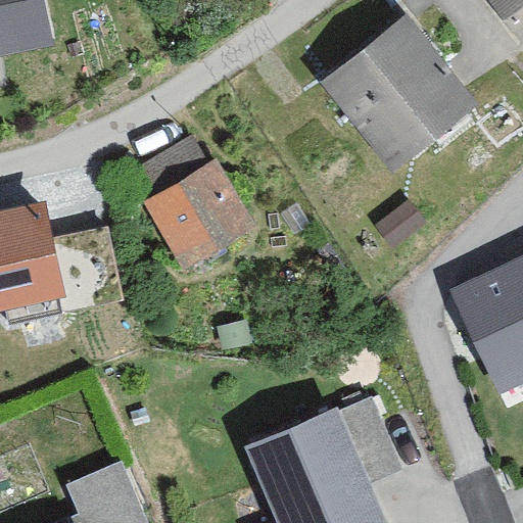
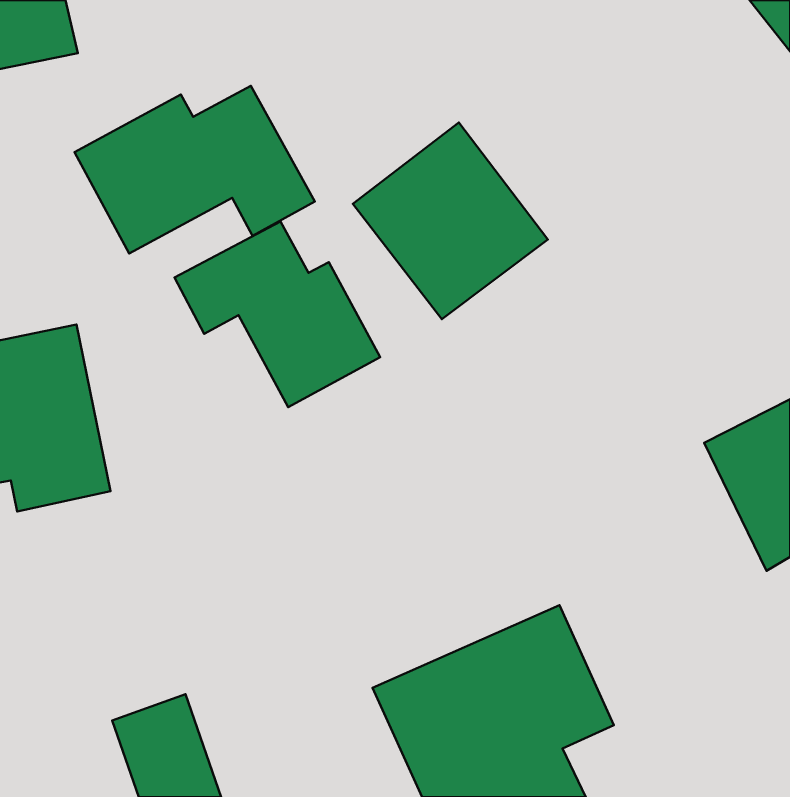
building: [330,27,458,155] -> [353,123,548,319]
building: none -> [74,86,315,254]

